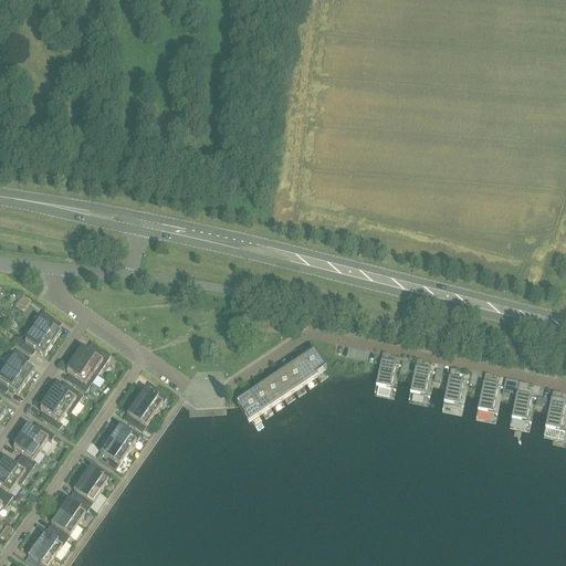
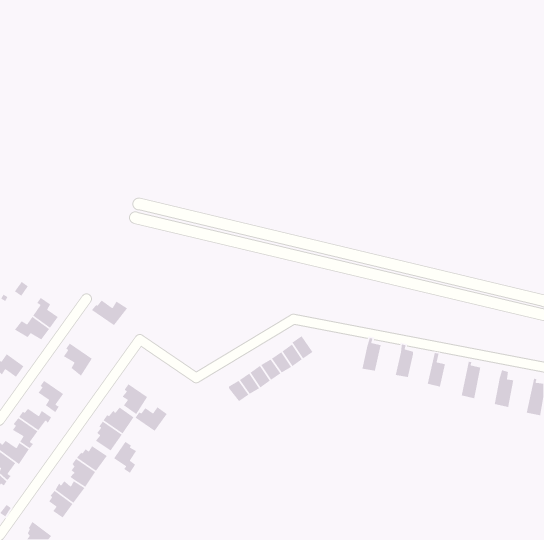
building: [72,344,111,371] -> [91,300,128,326]
building: [7,346,34,379] -> none
building: [45,382,83,410] -> none
building: [133,385,167,411] -> [135,406,168,432]
building: none -> [111,441,137,474]
building: [33,527,65,555] -> none

